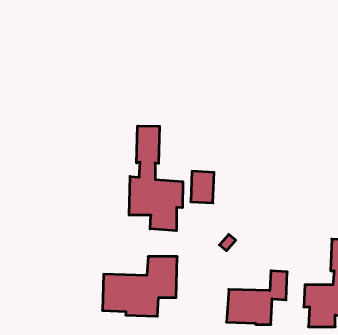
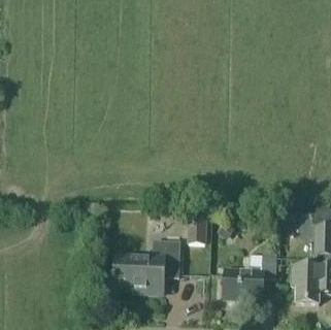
building: [129,126,183,231] -> none
building: [191,171,214,203] -> [187,214,207,242]

